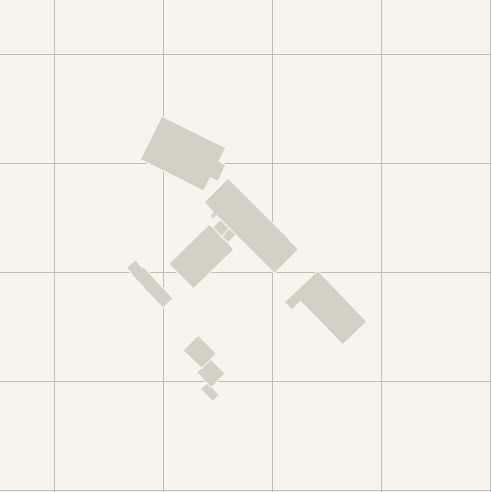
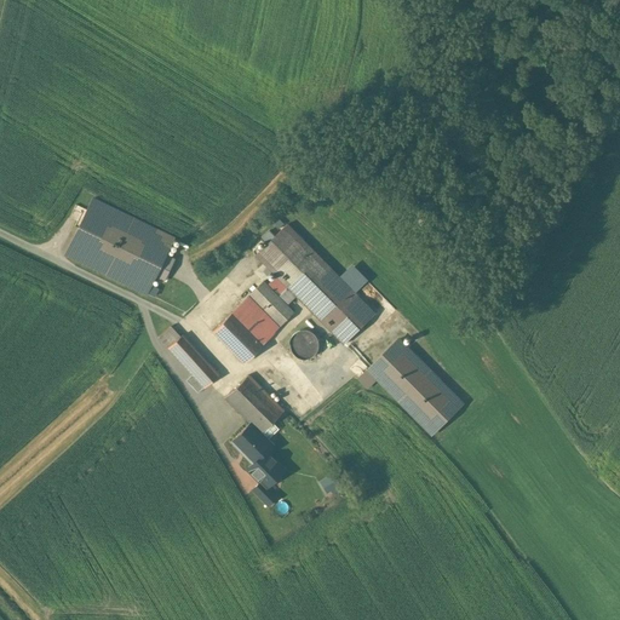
building: [140,116,226,191] -> [67,199,174,293]
building: none -> [291,329,321,360]
building: none -> [226,375,285,432]

